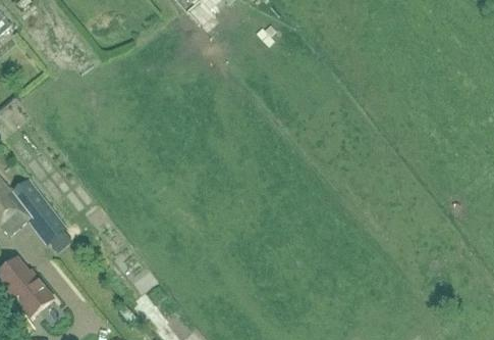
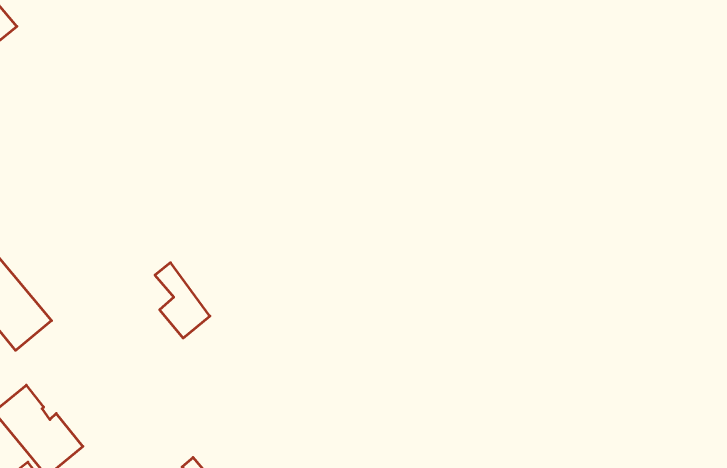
building: [30,192,65,241] -> [155,263,210,338]

